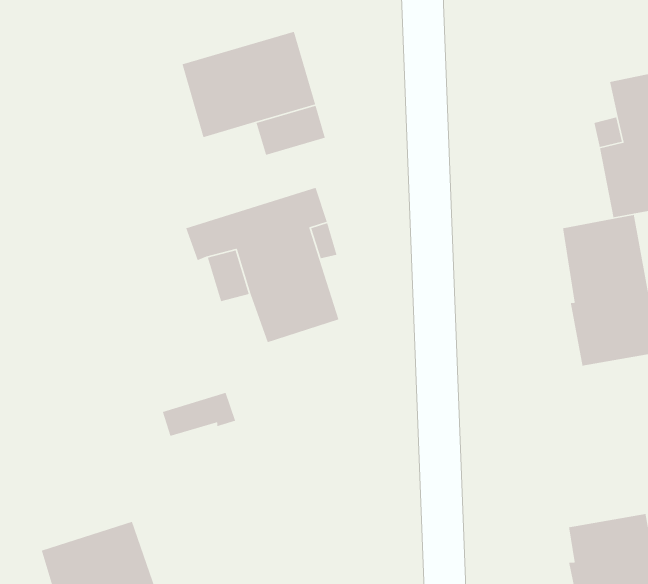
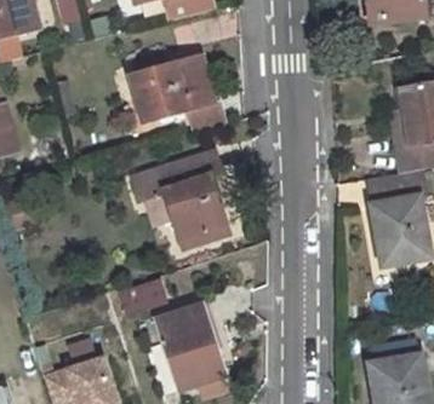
building: none -> [158,304,225,388]

